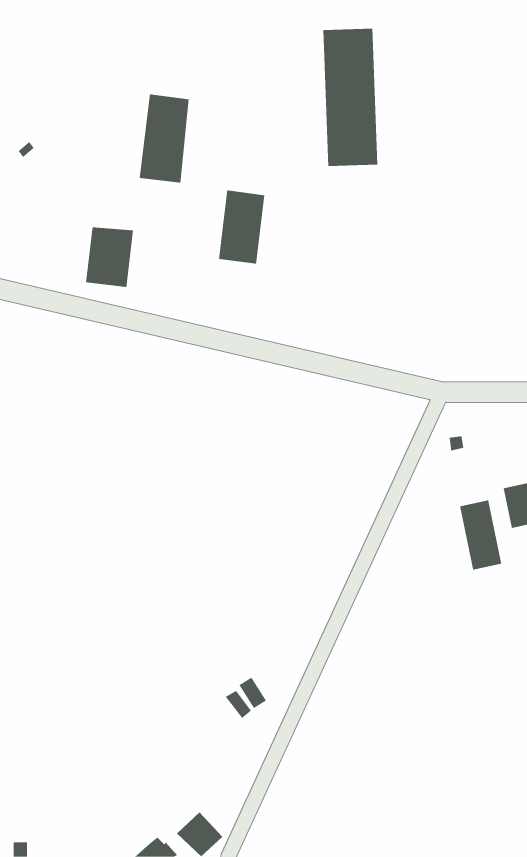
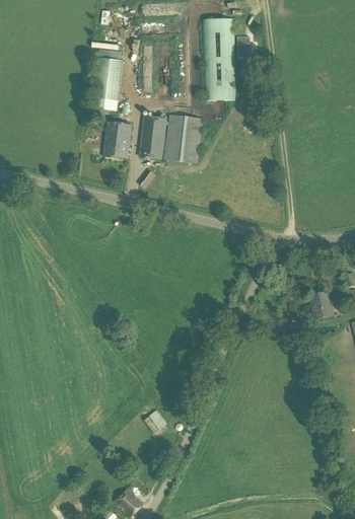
building: none -> [163,114,202,163]
building: [85,227,134,287] -> [101,122,131,158]
building: [460,500,502,570] -> none

